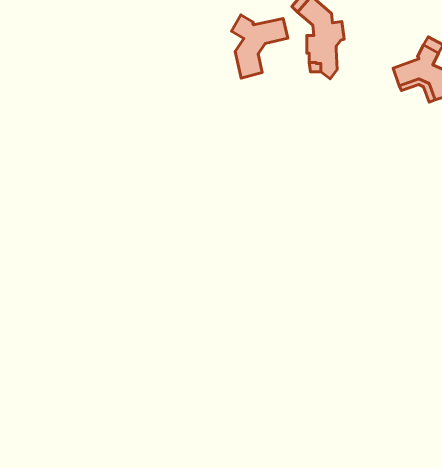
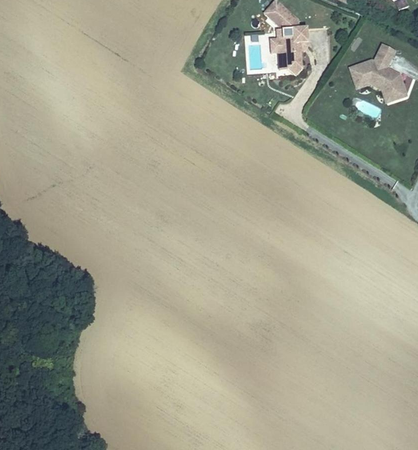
building: [232,15,288,78] -> none

